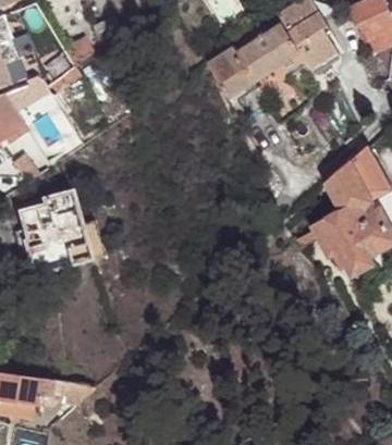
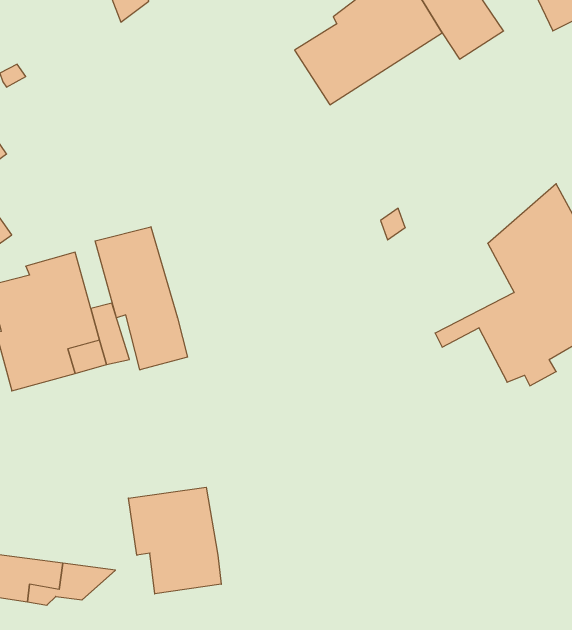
building: none -> [95,227,188,370]
building: none -> [128,487,221,594]

